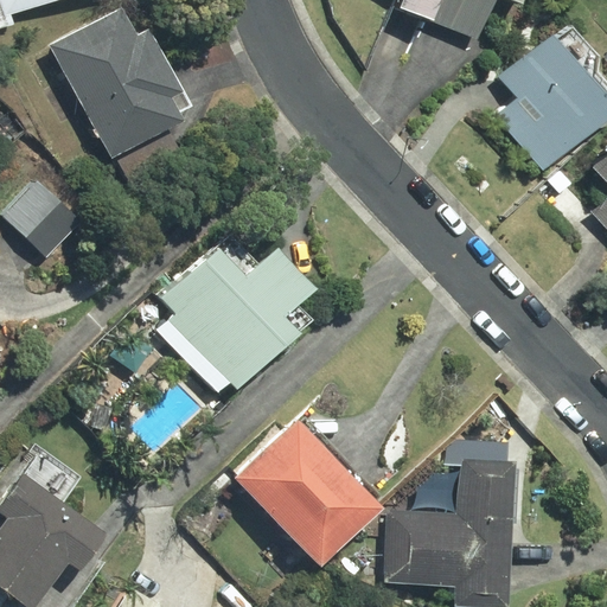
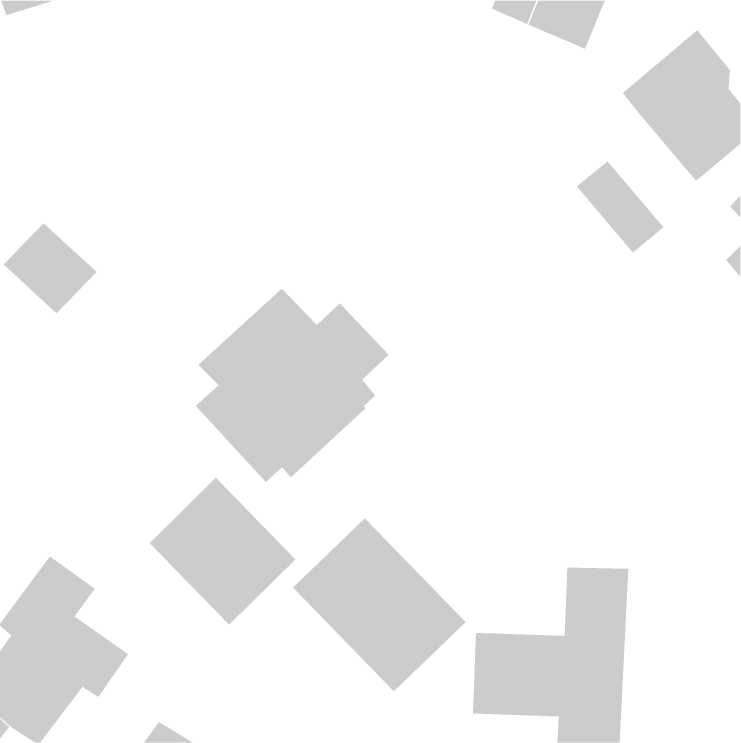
building: [51,8,189,156] -> none
building: [496,94,568,170] -> [576,160,665,253]
building: none -> [149,477,296,626]

